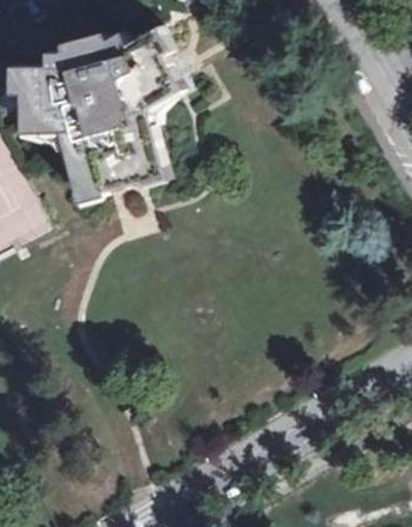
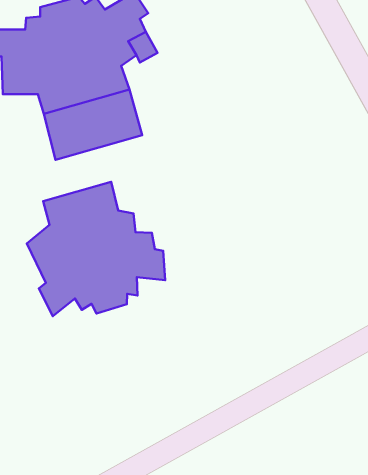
building: none -> [27,182,165,316]

